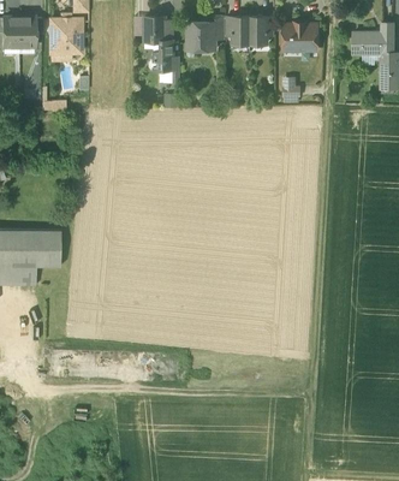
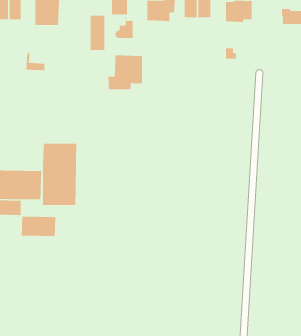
building: none -> [90,15,105,51]
building: none -> [108,55,143,90]
building: none -> [42,143,77,206]
building: none -> [21,216,56,237]

